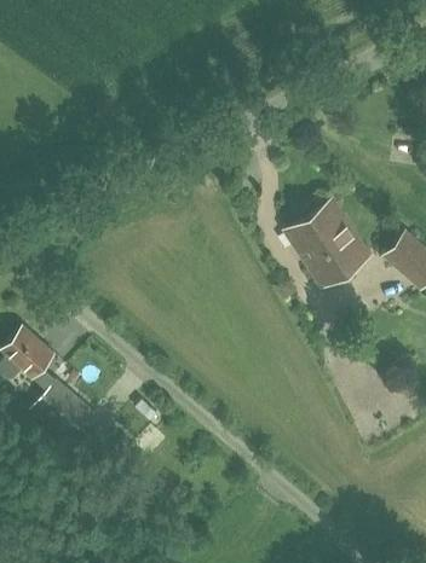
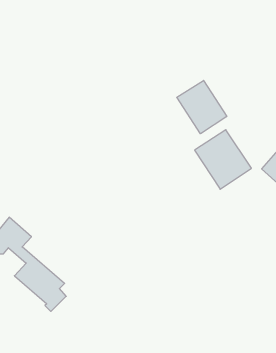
building: none -> [177,80,227,134]

